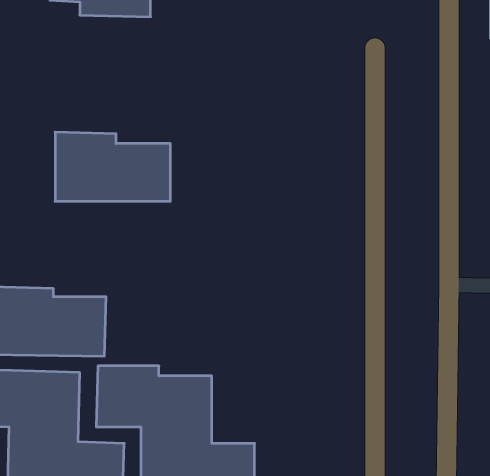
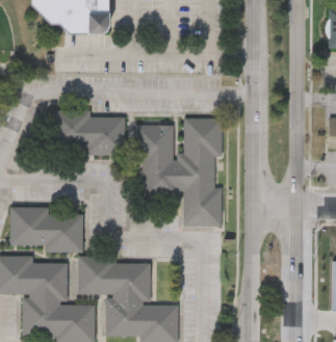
building: none -> [135,117,223,226]

